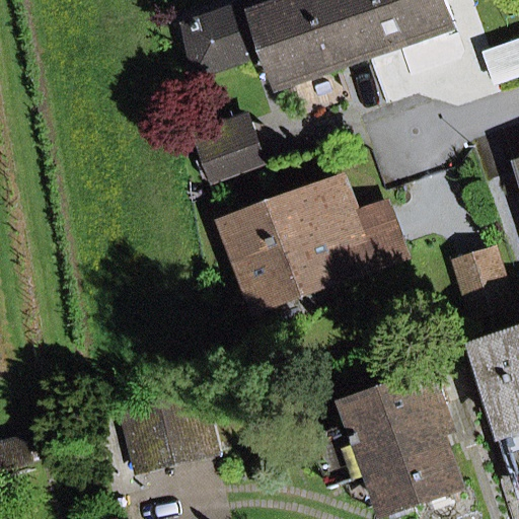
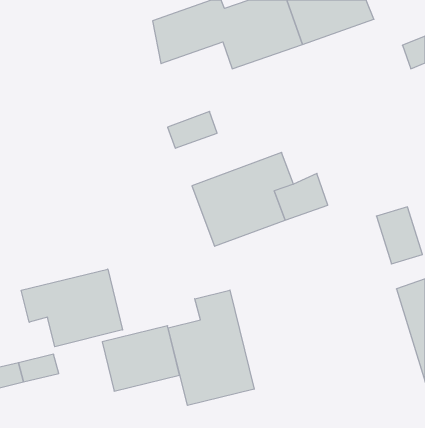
building: none -> [21,269,123,347]
building: none -> [168,290,254,405]
building: [312,374,460,514] -> none

